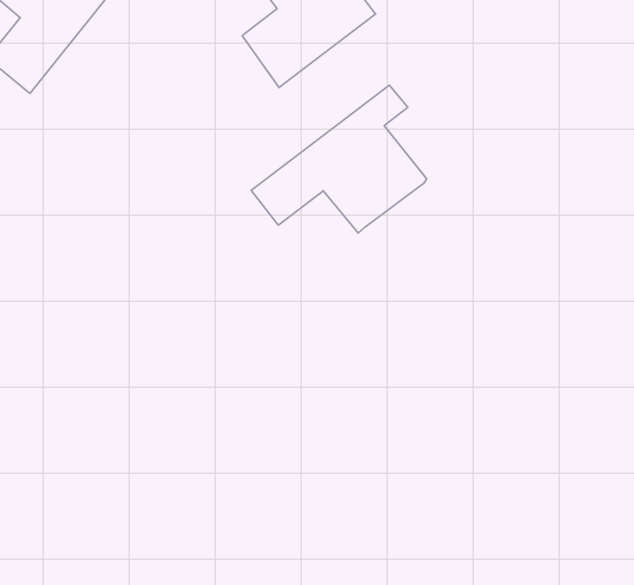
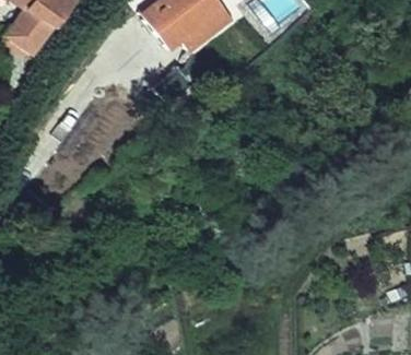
building: [251,85,427,233] -> none

